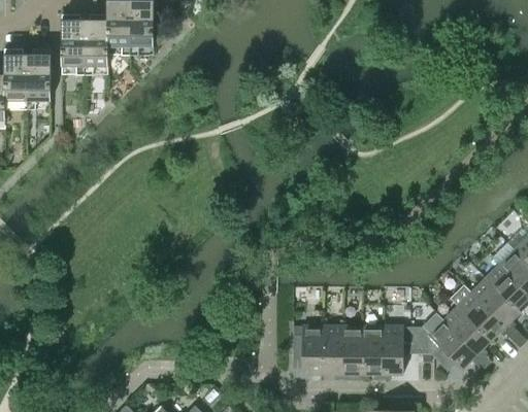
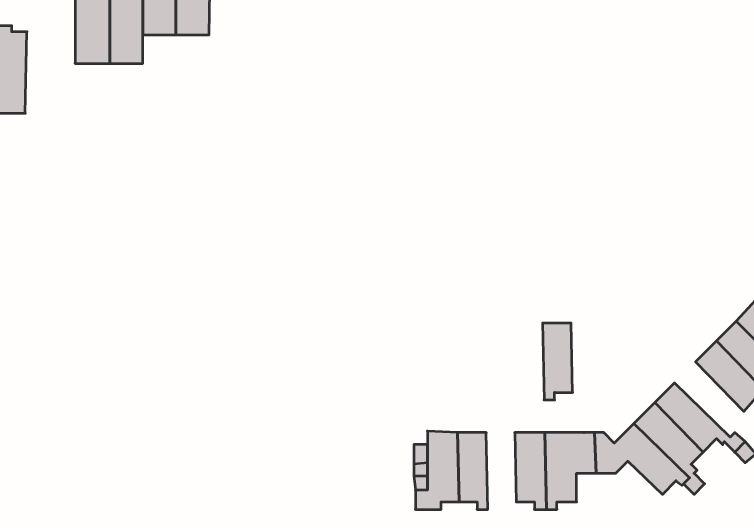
building: [27,47,51,108] -> none
building: [471,277,519,329] -> none
building: [342,325,363,378] -> [543,323,573,400]

